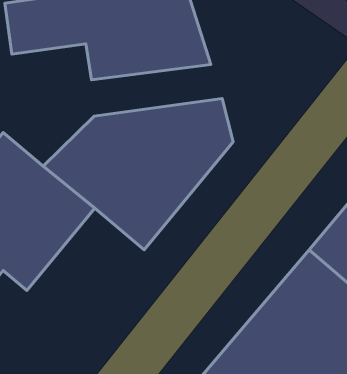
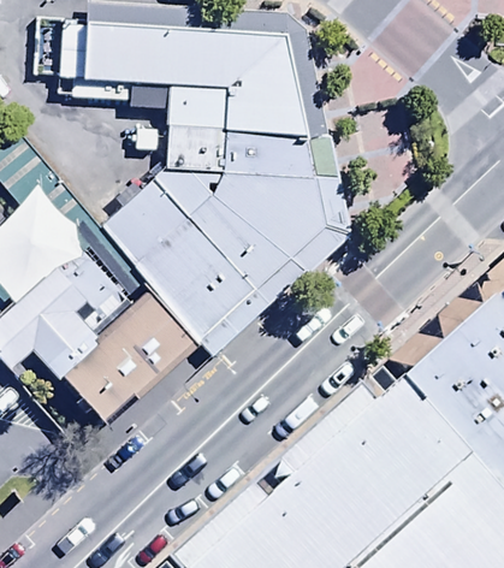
building: none -> [166,132,320,178]
building: none -> [55,284,201,425]

